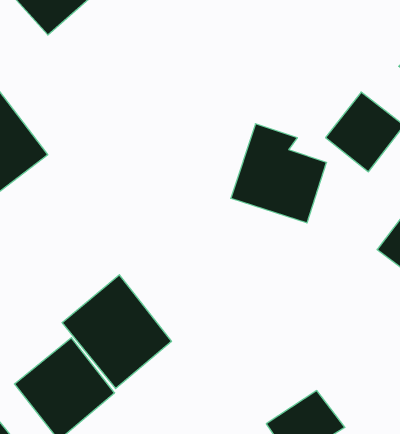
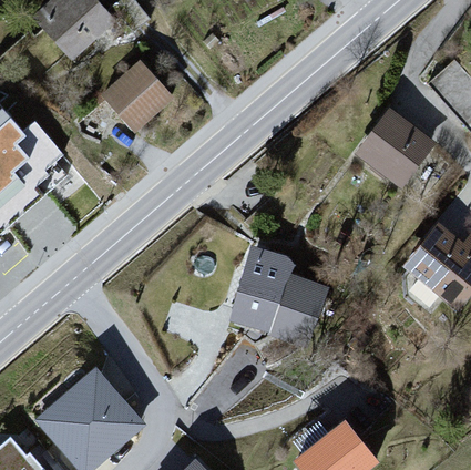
building: none -> [100,58,173,130]
building: [231,124,327,223] -> [228,248,327,350]
building: [62,275,171,389] -> none

